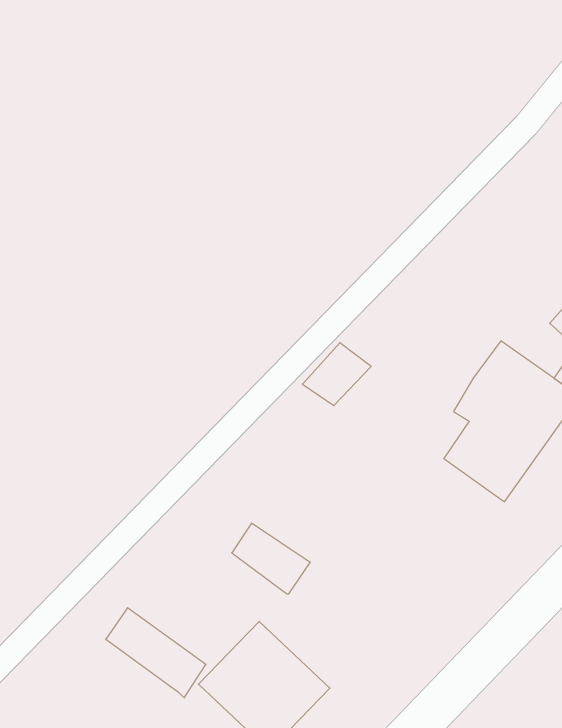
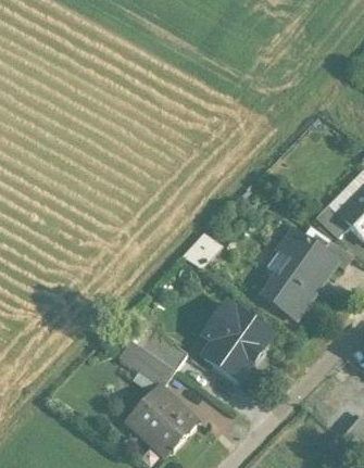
building: none -> [203,303,271,382]
building: [106,608,206,698] -> [118,340,174,390]

